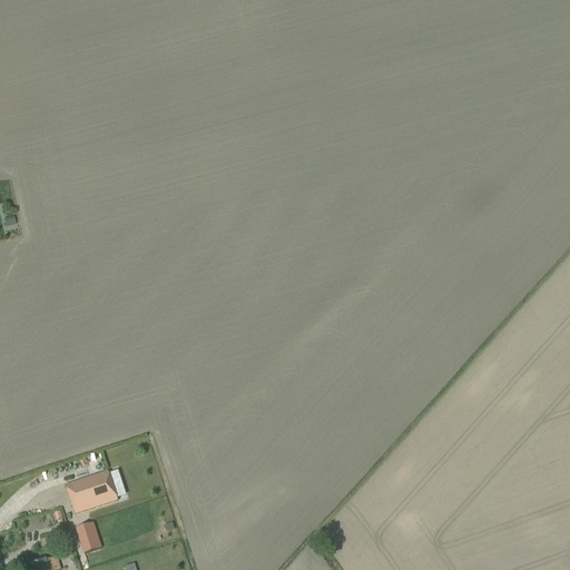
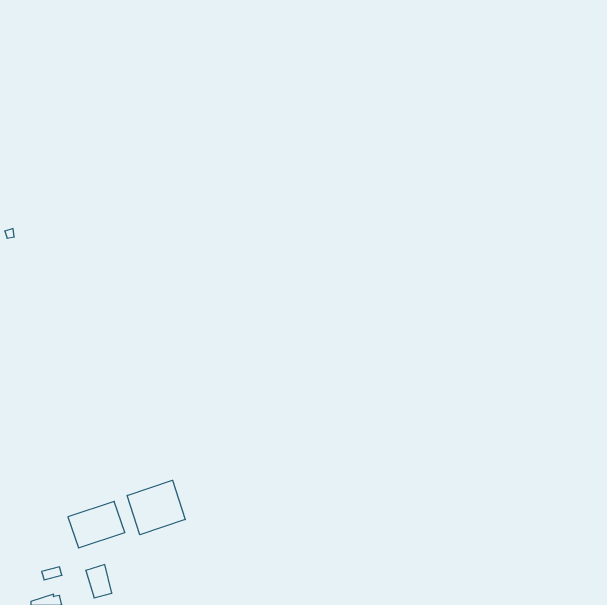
building: none -> [127,480,185,535]

